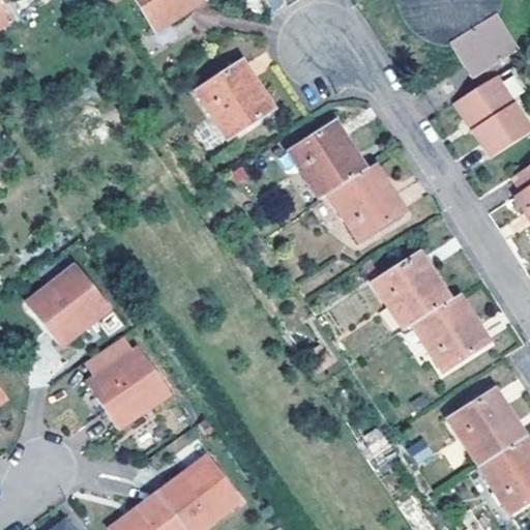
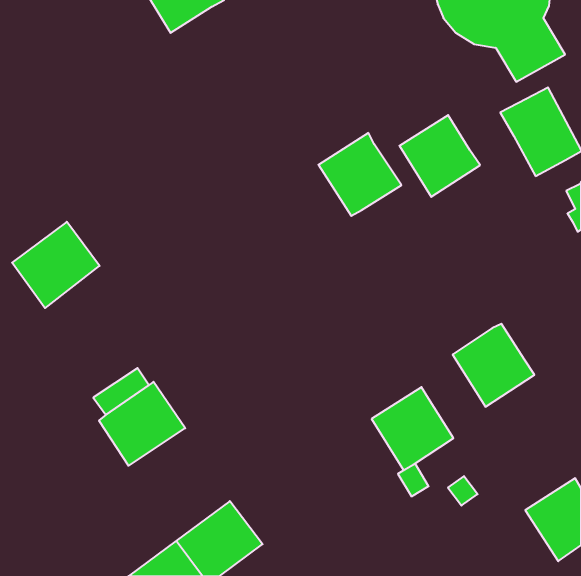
building: [197,61,271,136] -> none
building: [329,164,403,238] -> [399,115,480,197]
building: [374,253,448,328] -> [372,387,453,470]
building: [30,264,110,343] -> [12,222,100,308]
building: [448,389,524,465] -> none

